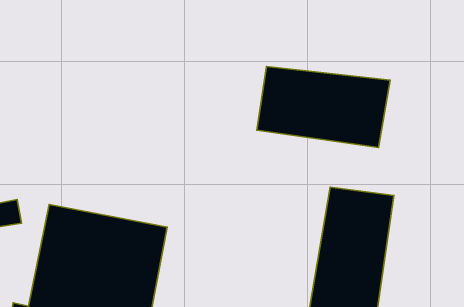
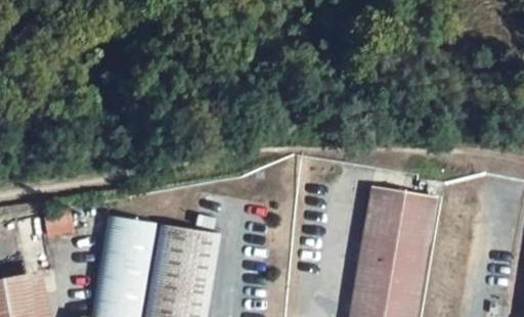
building: [257,66,390,148] -> none

